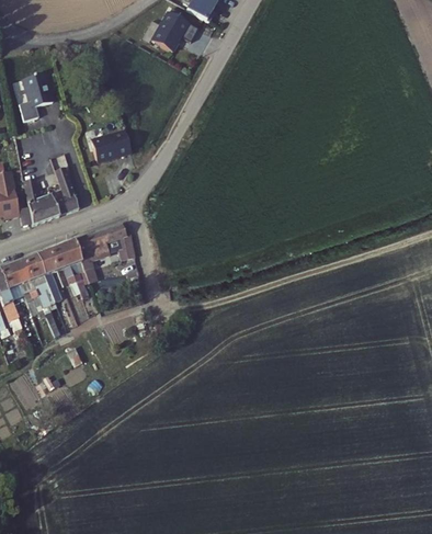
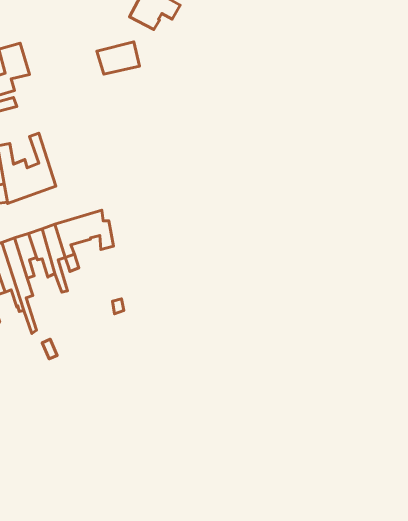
building: [90,128,130,159] -> [97,42,140,74]

